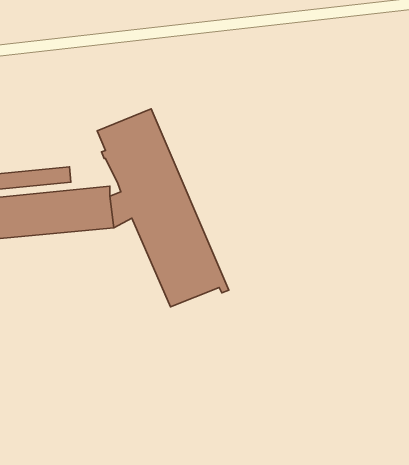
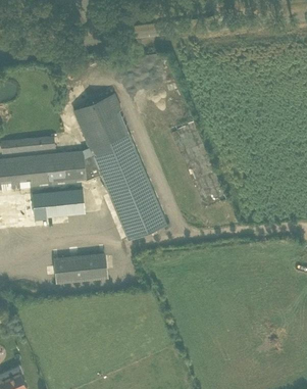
building: none -> [31,189,84,220]
building: none -> [52,243,107,284]

